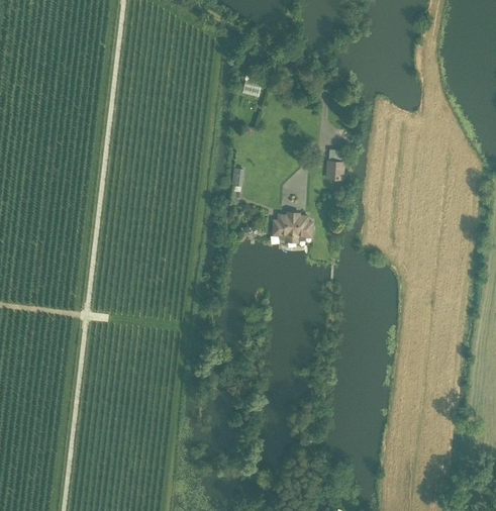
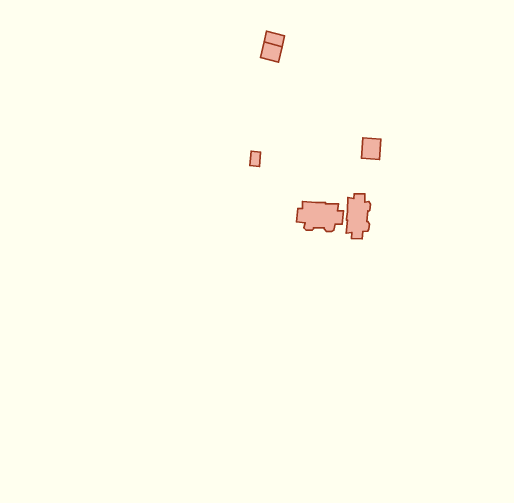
building: none -> [346,194,371,239]

